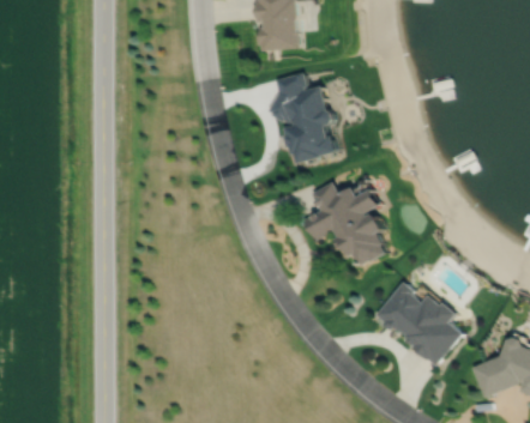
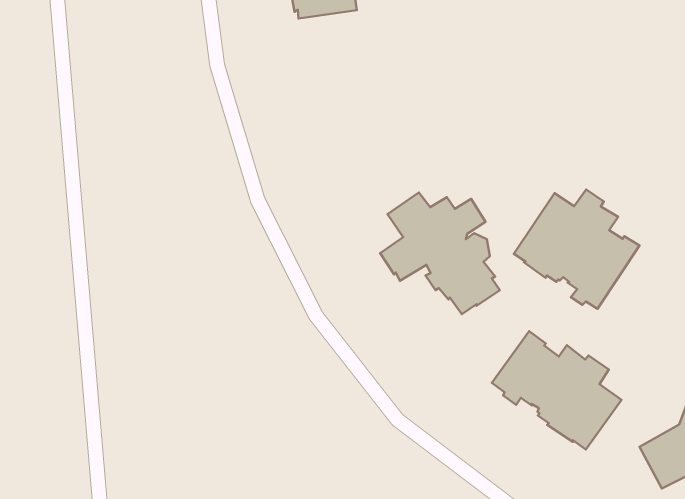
building: [267,74,337,165] -> none
building: none -> [514,190,640,309]

